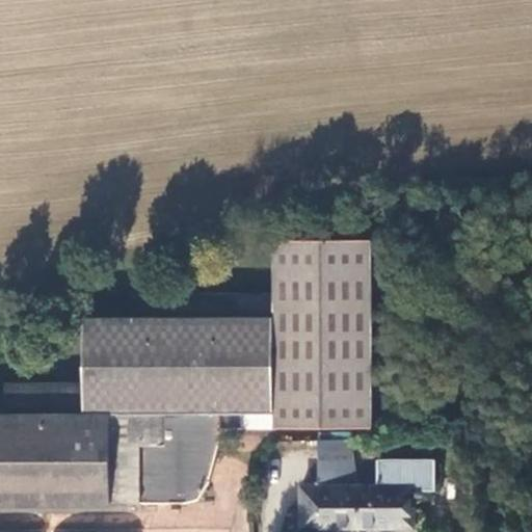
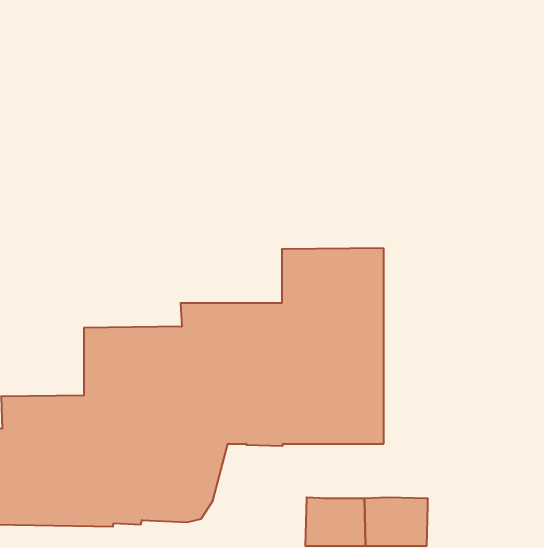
building: [315,440,352,483] -> none
building: [374,457,433,491] -> none

